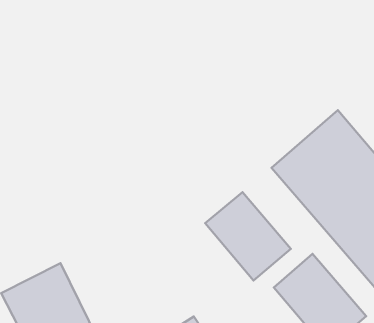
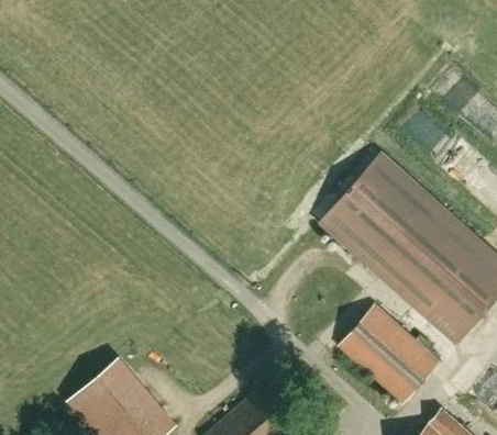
building: [205,192,291,281] -> none

